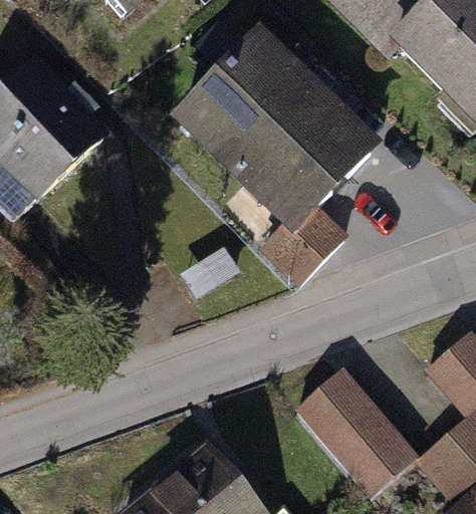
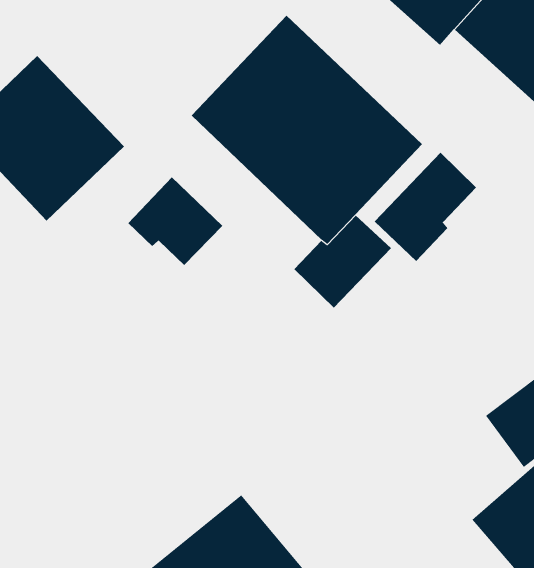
building: none -> [374,152,477,262]
building: none -> [127,176,223,266]
building: [299,374,417,497] -> none

